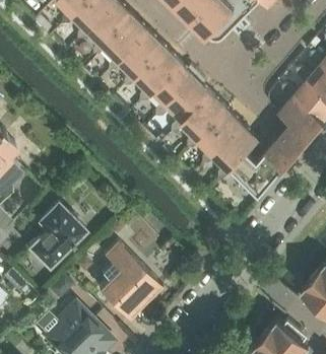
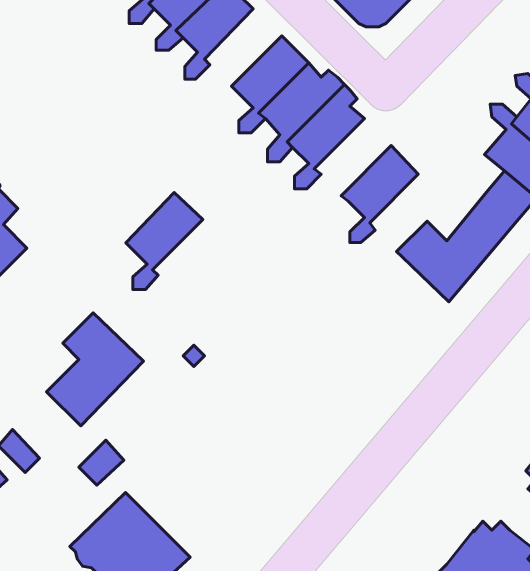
building: [121,32,165,87] -> [126,192,203,289]
building: [183,94,226,149] -> none
building: [214,126,259,181] -> none
building: [99,241,162,320] -> none

